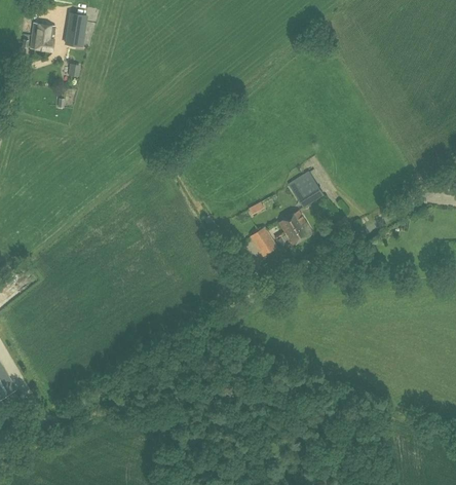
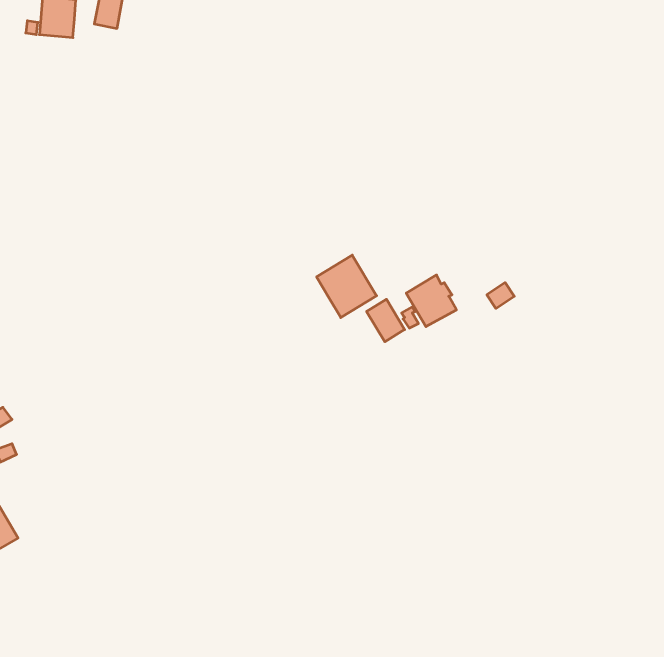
building: [288,169,320,206] -> none
building: none -> [317,255,377,318]

